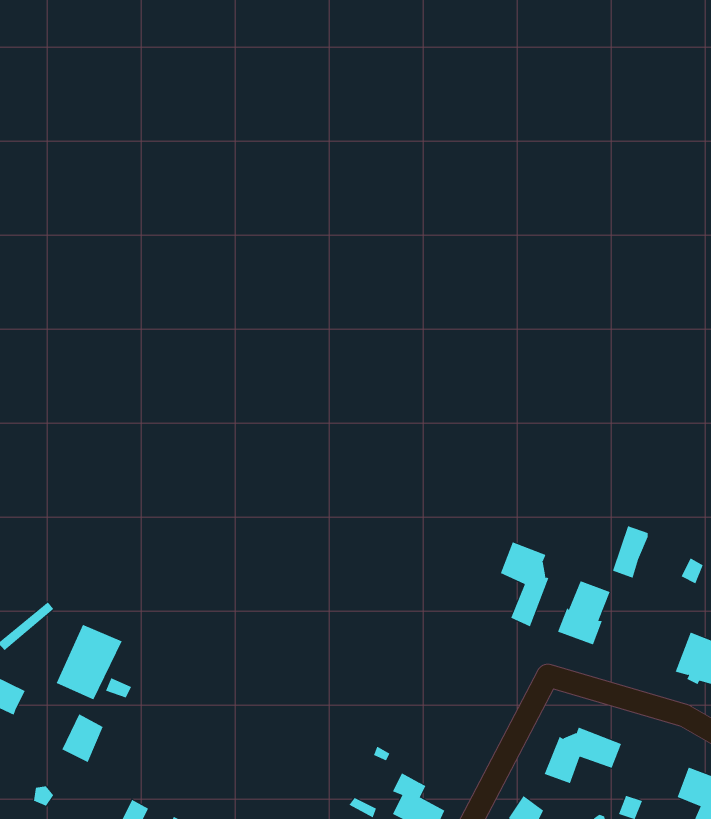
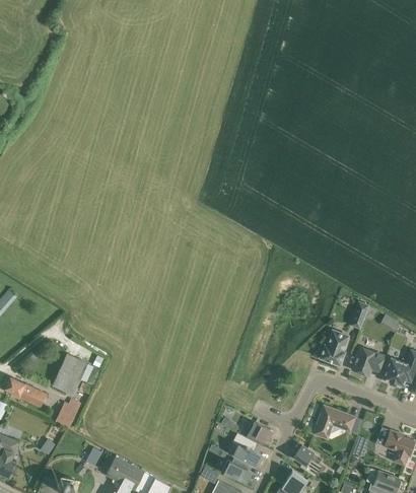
building: [500,542,549,627] -> none
building: none -> [351,346,384,373]
building: none -> [246,421,271,446]

